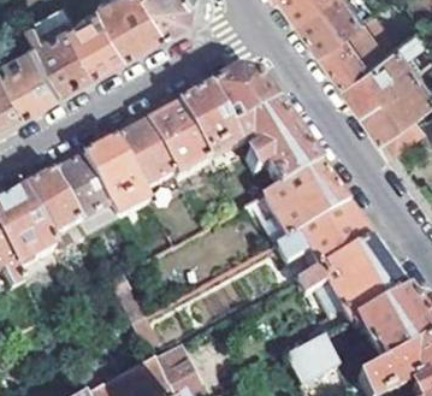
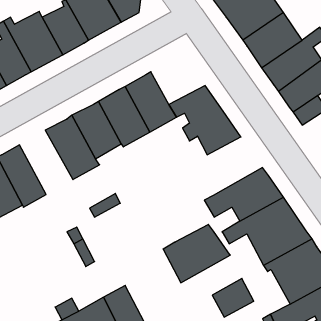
building: [205,75,271,129] -> none
building: [45,160,110,238] -> none
building: [259,169,341,240] -> [163,224,230,283]

